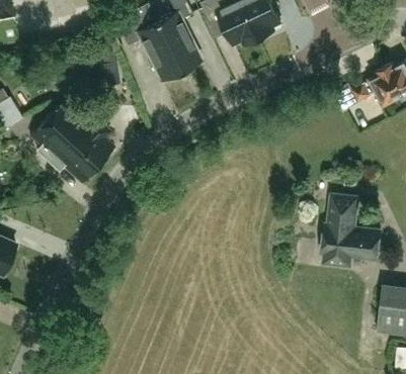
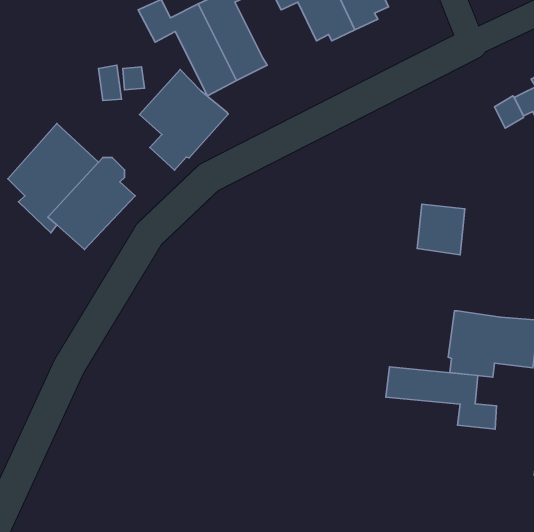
building: none -> [140,69,228,170]
building: [327,193,358,226] -> [417,204,465,255]
building: none -> [386,367,497,429]

